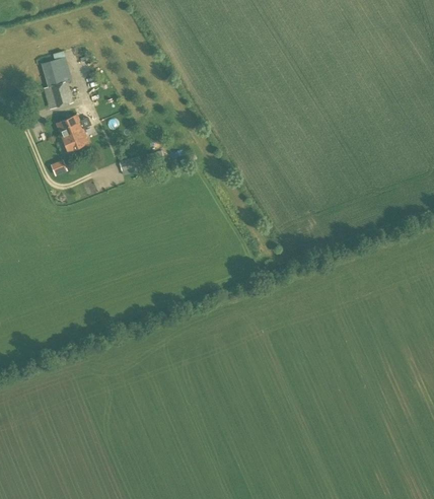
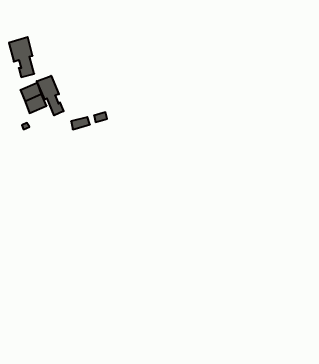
building: none -> [37,76,64,115]

